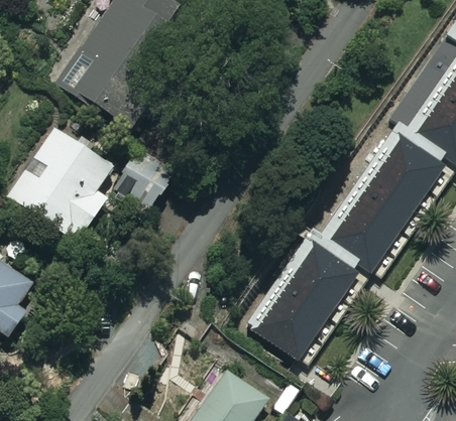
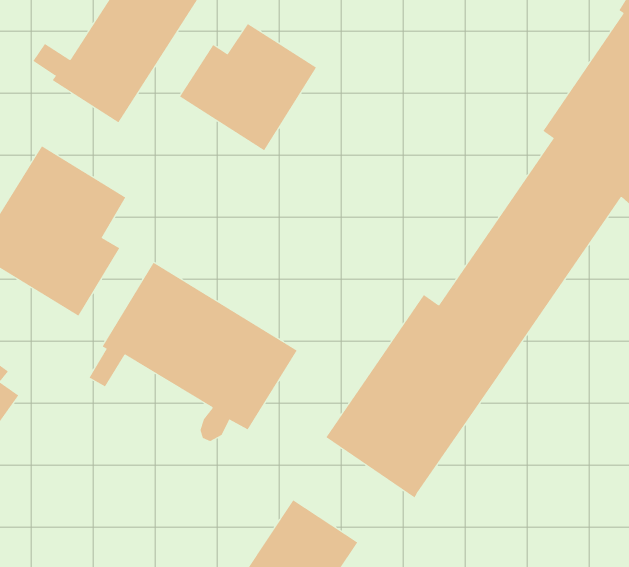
building: none -> [179,23,317,151]
building: none -> [89,262,298,442]

